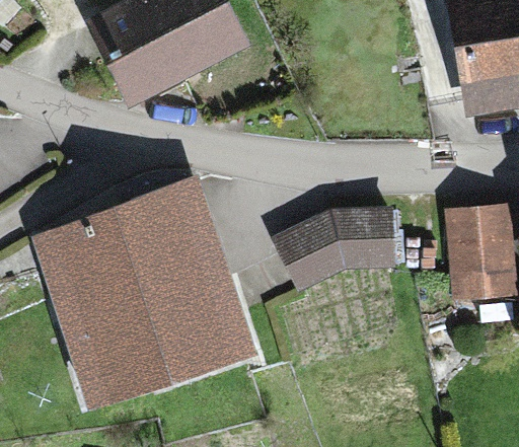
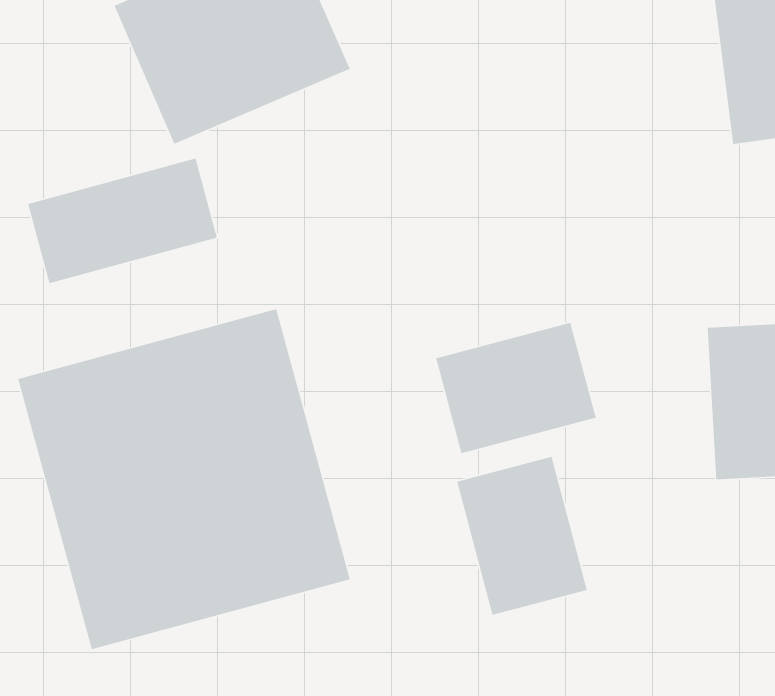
building: none -> [27,158,218,284]
building: none -> [456,456,588,616]

